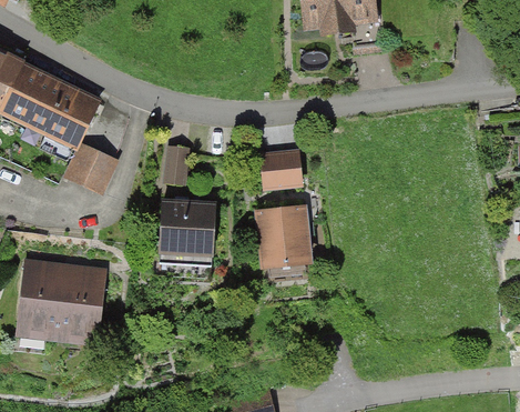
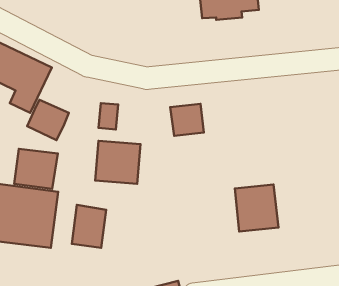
building: [254,204,313,268] -> [235,185,278,231]
building: none -> [14,149,58,189]
building: none -> [72,205,106,248]

